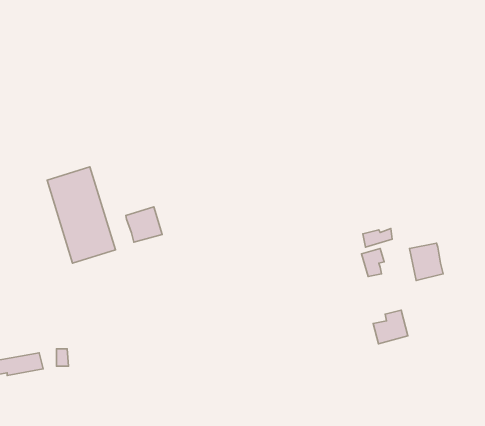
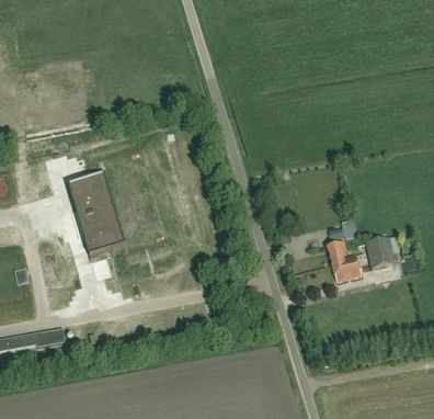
building: [126,207,162,242] -> none
building: [373,310,408,344] -> [332,253,361,281]

